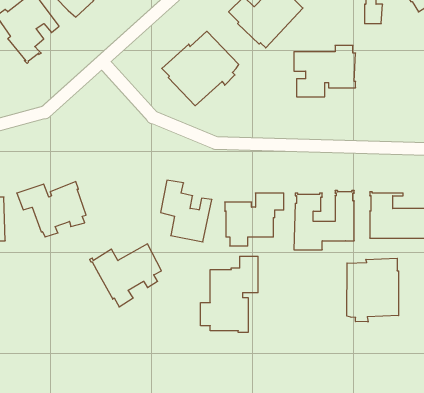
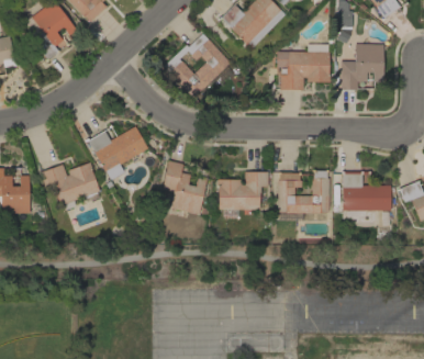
building: none -> [342,45,384,90]
building: [90,244,161,307] -> [87,126,148,180]
building: [201,256,258,332] -> none
building: [347,258,399,322] -> none

